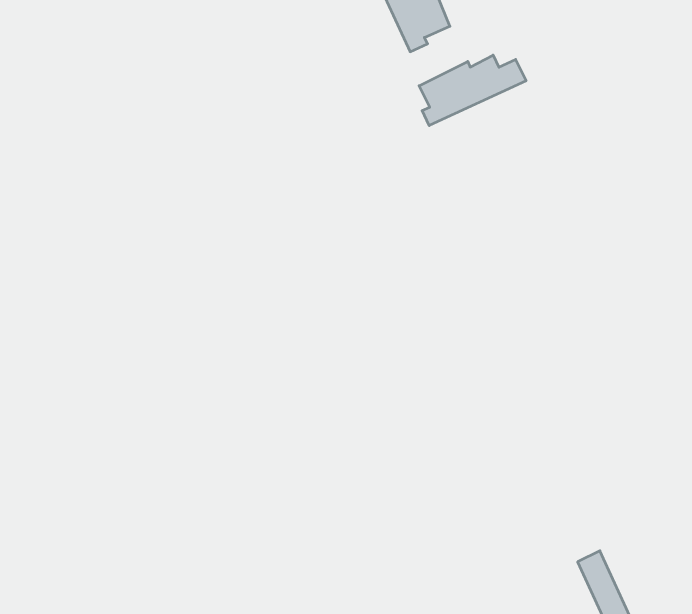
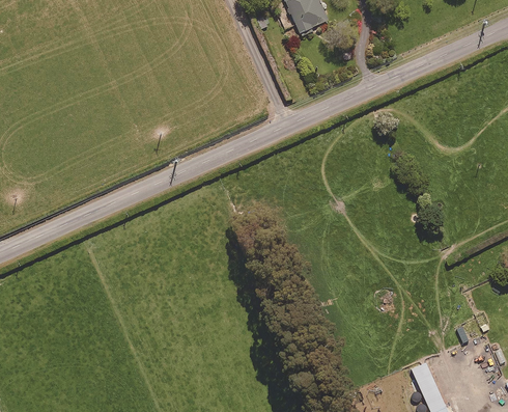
building: [419,55,526,126] -> none

